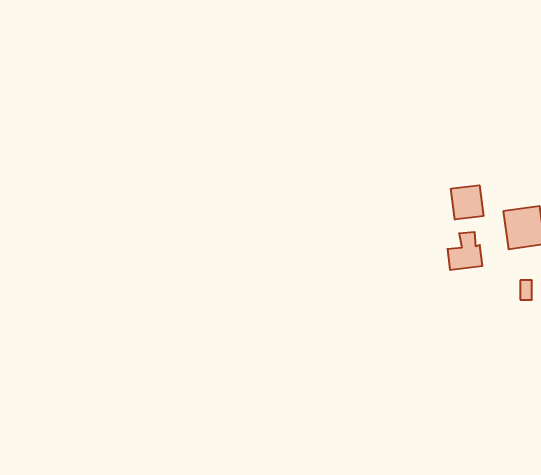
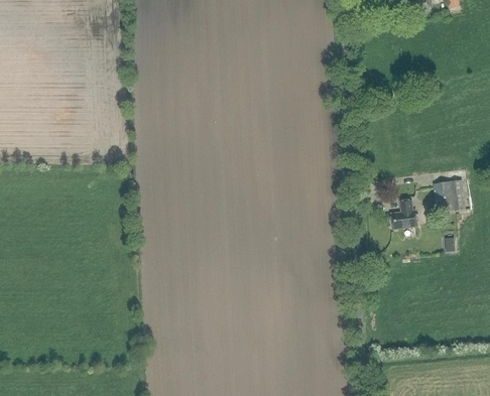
building: [451,185,483,220] -> none

